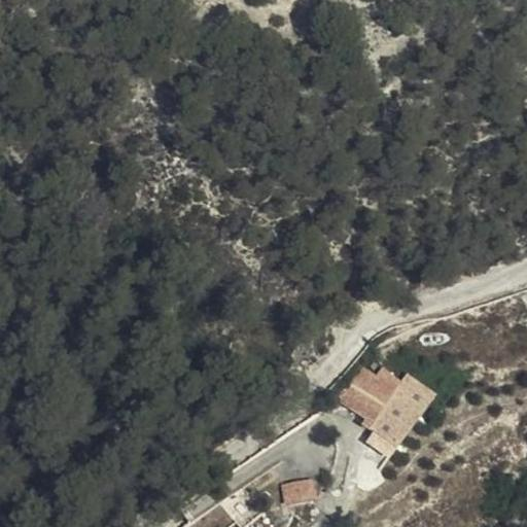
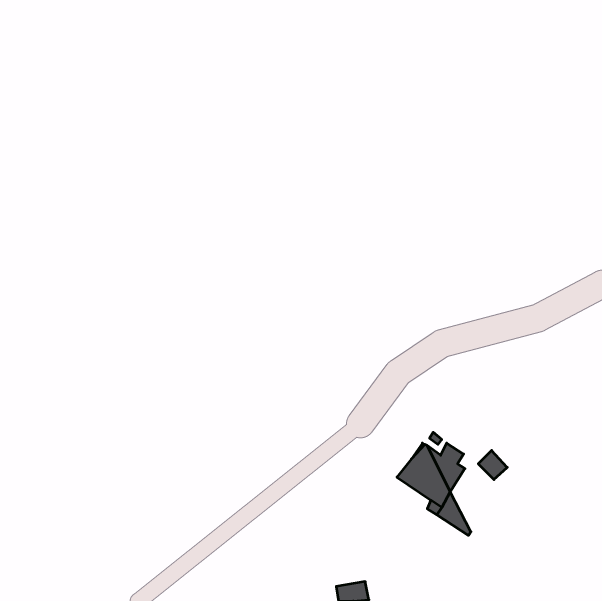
building: [382,397,419,451] -> none

